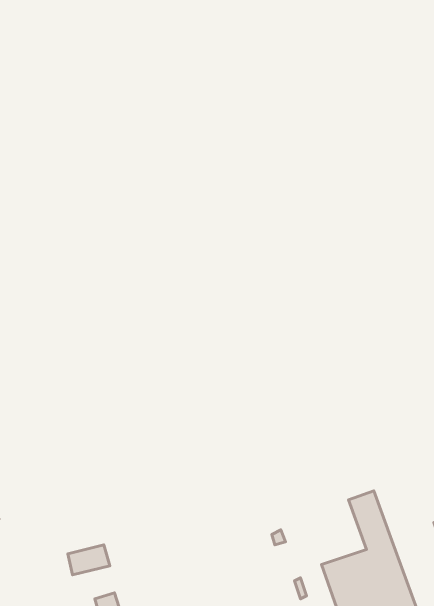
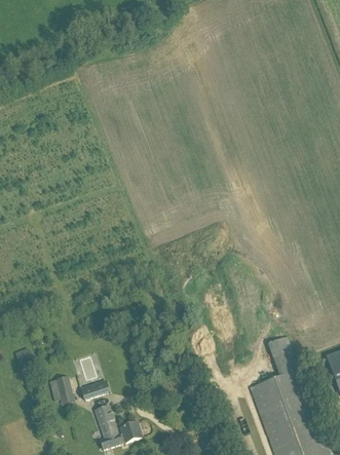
building: none -> [49,376,74,405]

